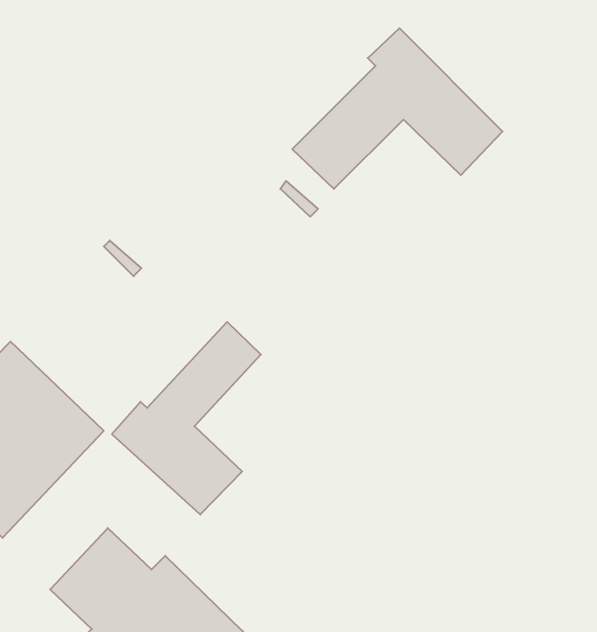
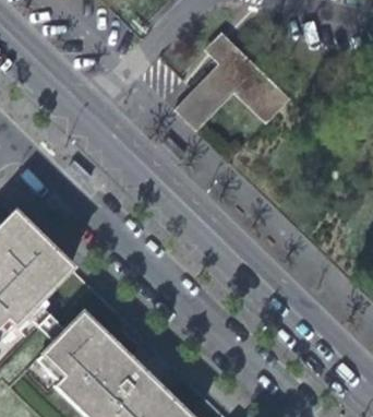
building: [112,322,261,515] -> none

